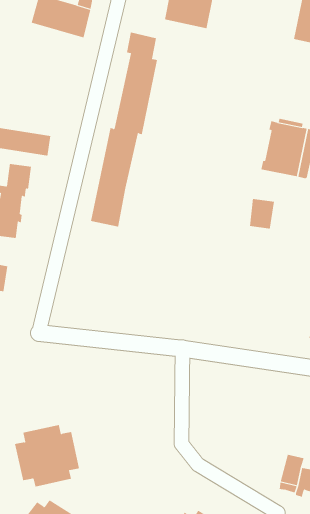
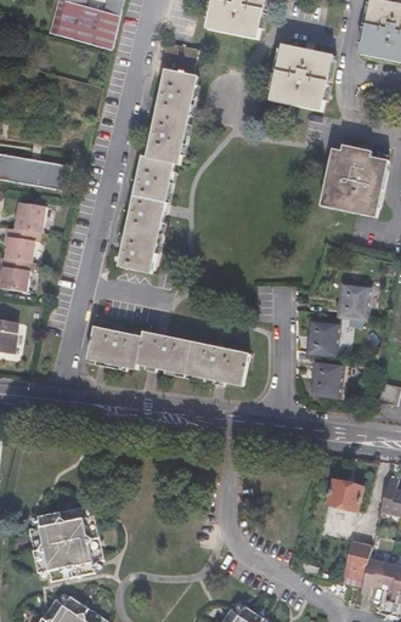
building: none -> [269,41,333,111]
building: [249,198,275,229] -> [340,281,371,317]
building: none -> [309,320,339,354]
building: none -> [89,327,250,386]
building: none -> [312,361,343,395]
building: none -> [324,480,361,514]

